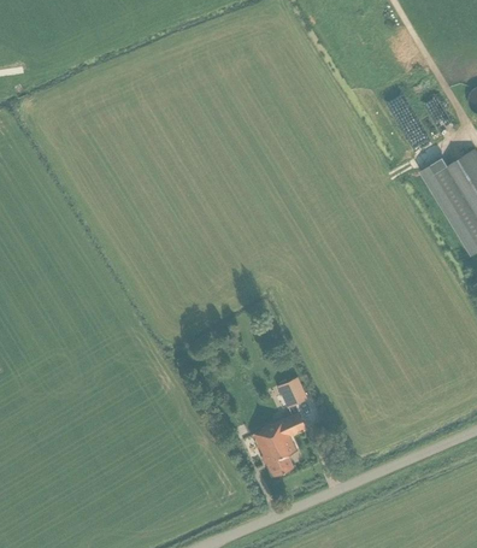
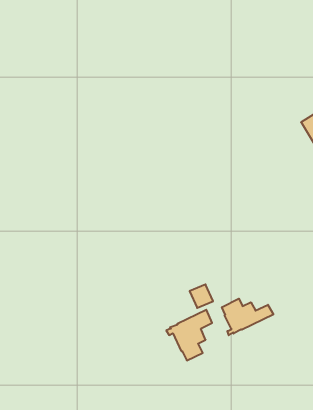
building: none -> [222,299,273,335]

